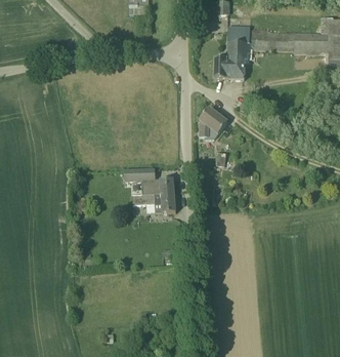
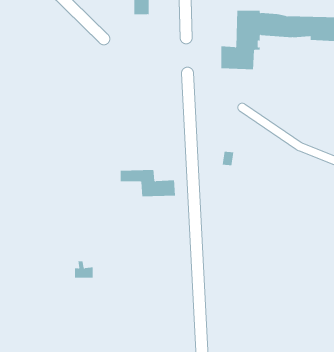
building: [200,107,227,138] -> none
building: [125,192,175,212] -> none

